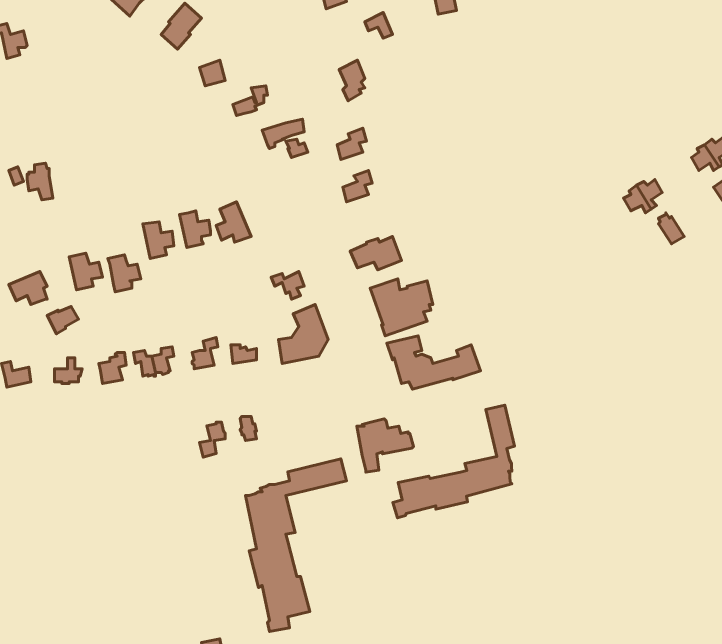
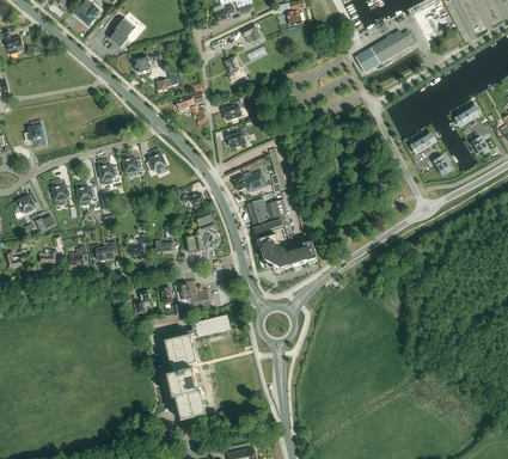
building: none -> [355,30,414,72]
building: [393,405,515,518] -> none
building: [357,419,414,472] -> [175,280,212,314]

